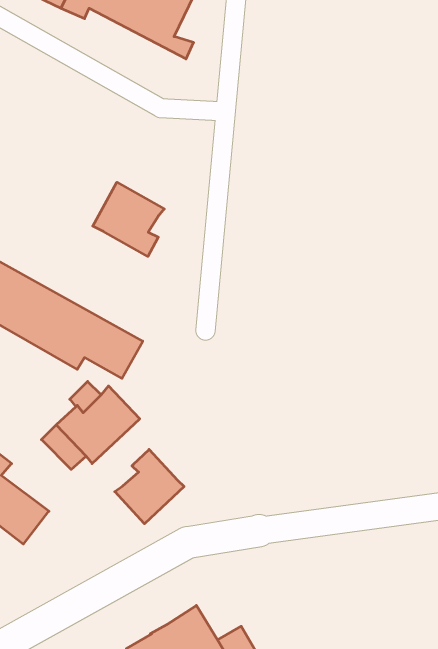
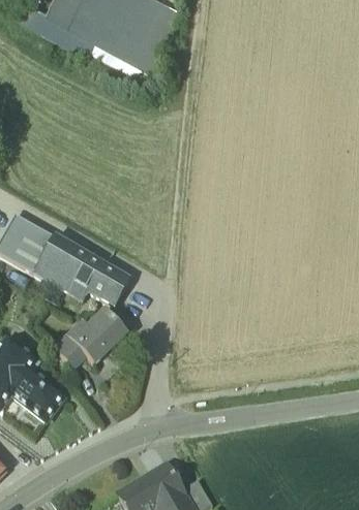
building: [93,182,164,256] -> none
building: [115,449,184,524] -> none

